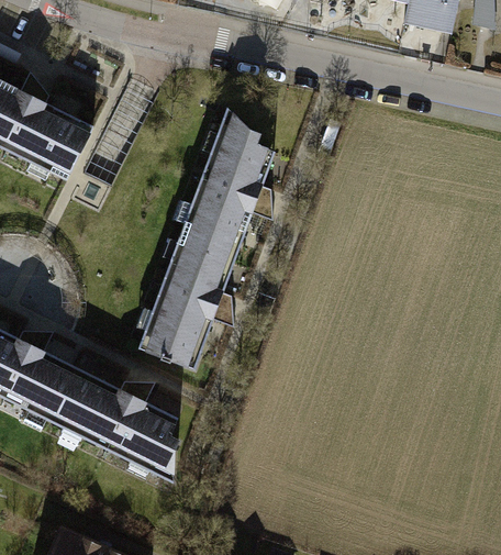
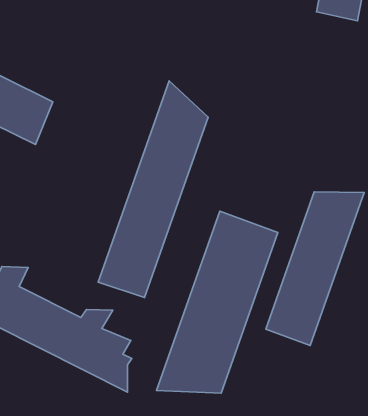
building: none -> [266,192,364,346]
building: none -> [157,211,278,393]

